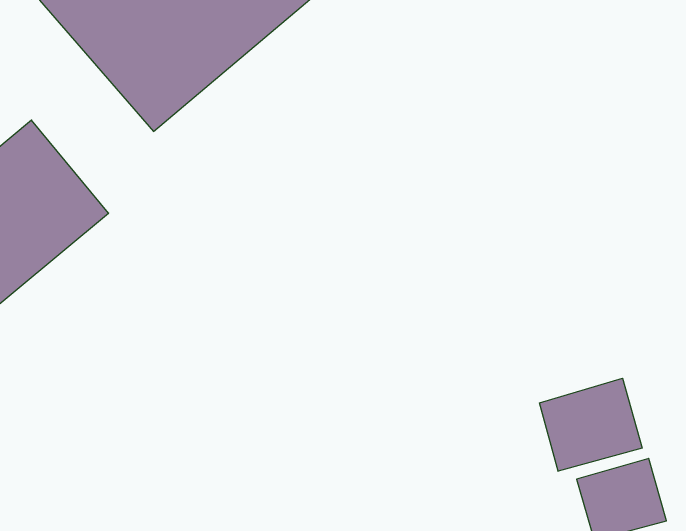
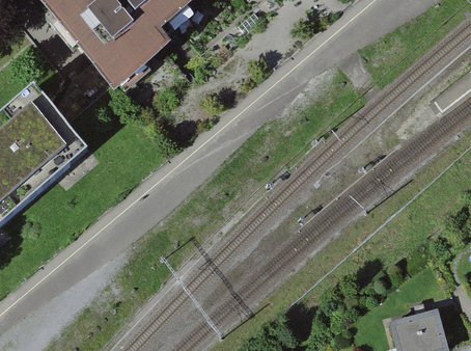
building: [539,378,642,471] -> none

